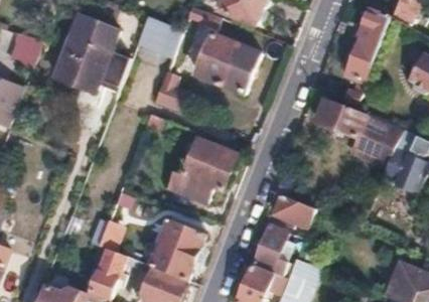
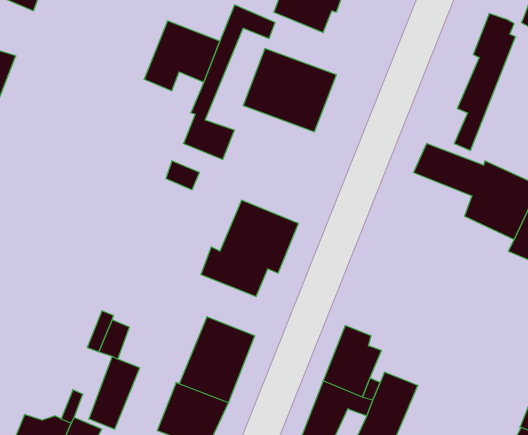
building: [53,15,128,92] -> none
building: [270,192,313,228] -> none

